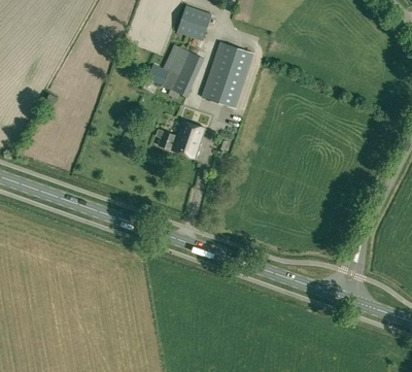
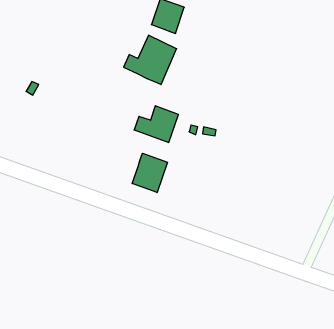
building: [202,42,254,109] -> none
building: none -> [132,153,167,193]

